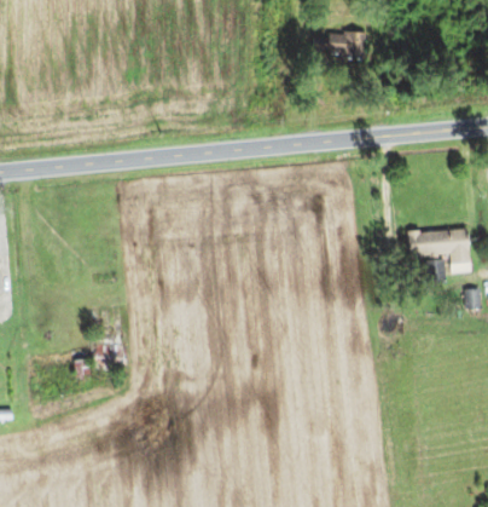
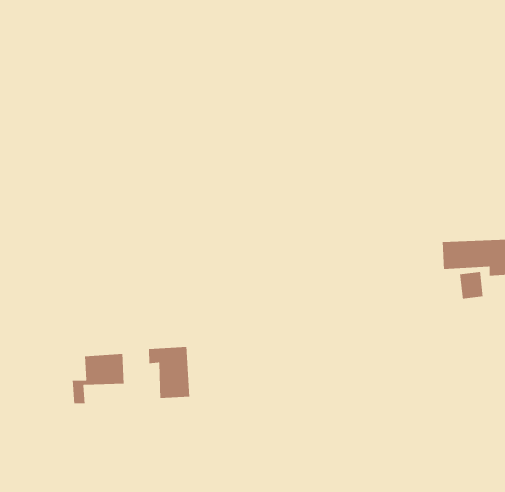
building: [315,33,368,58] -> none
building: none -> [148,346,190,399]

